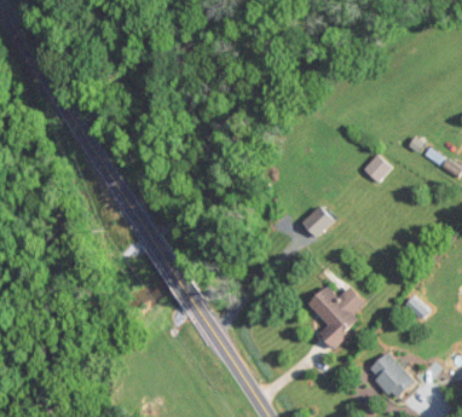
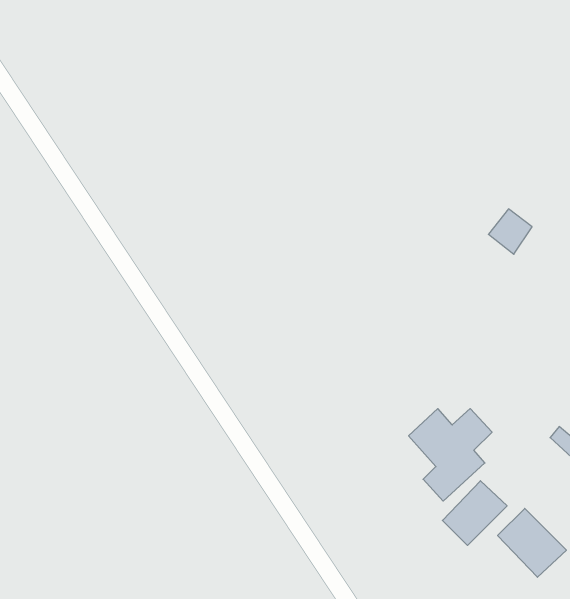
building: [301,204,334,236] -> none
building: none -> [442,481,507,545]

